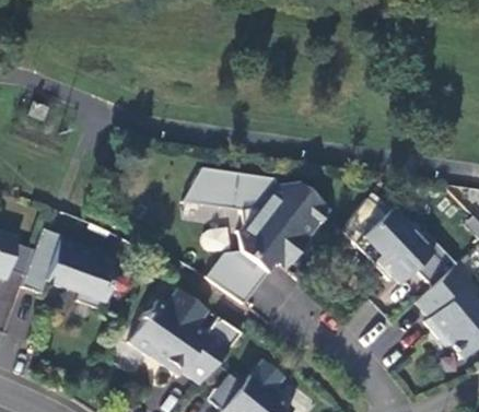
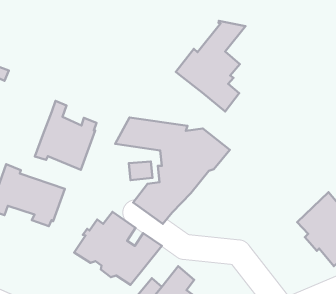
building: none -> [176,21,245,111]
building: none -> [35,101,96,170]
building: [342,197,452,284] -> none

